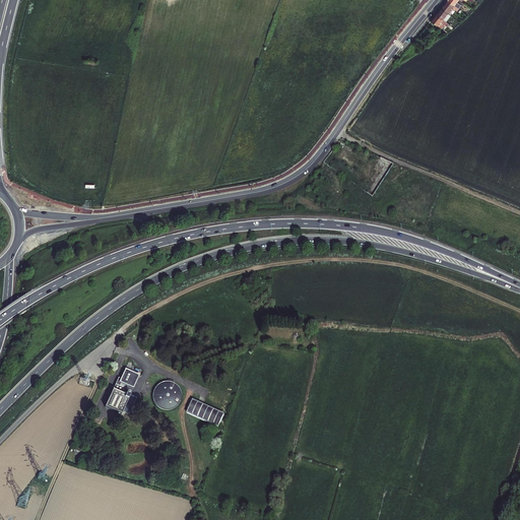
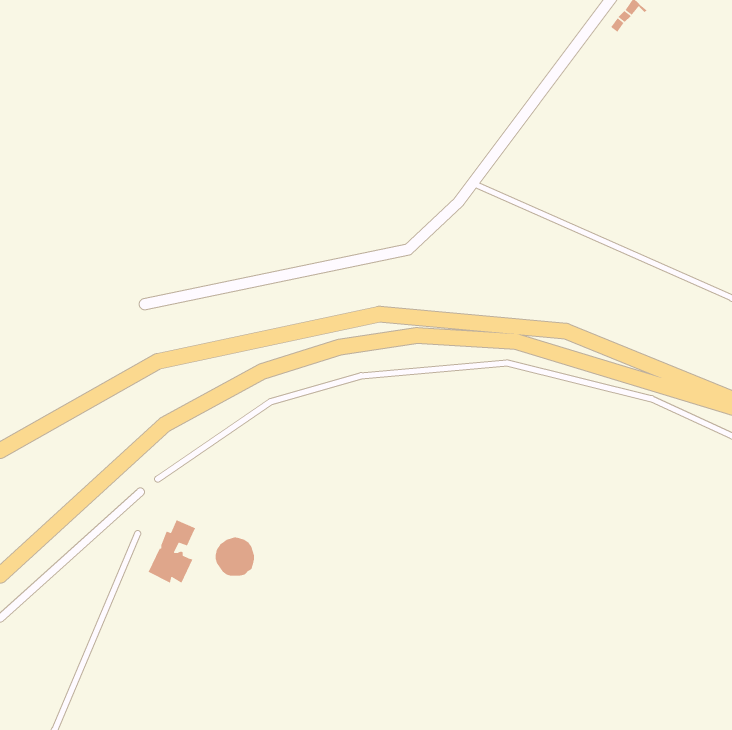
building: [186,398,224,426] -> none

